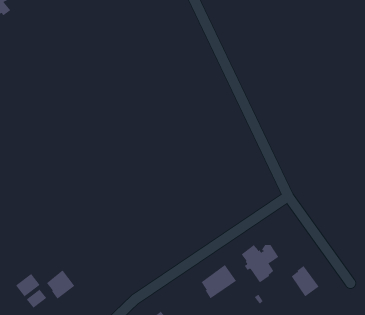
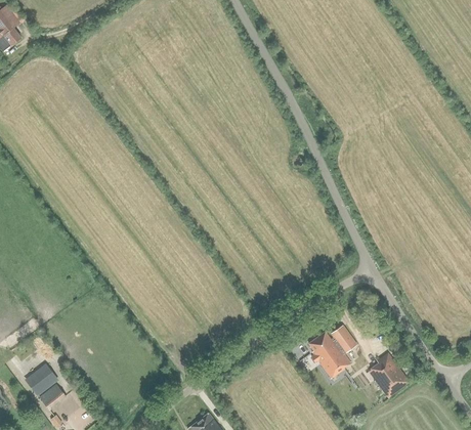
building: [201,264,237,299] -> none
building: [46,269,75,300] -> none

